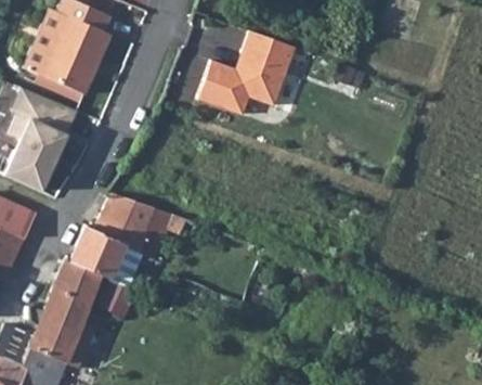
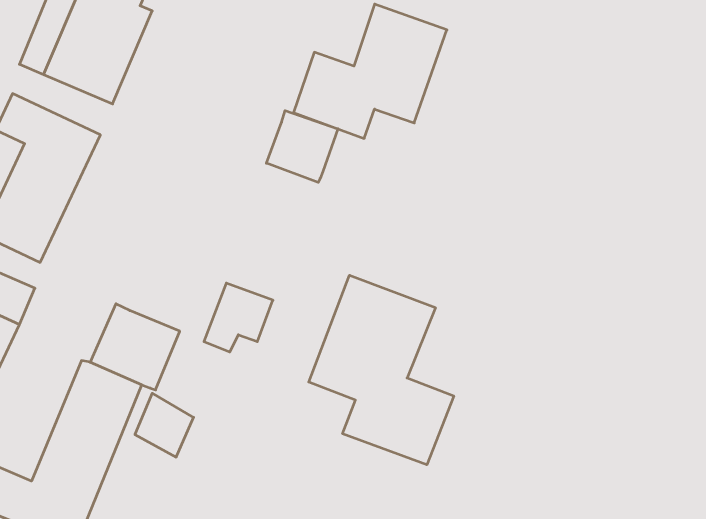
building: none -> [266,111,338,182]
building: [95,192,156,245] -> none
building: none -> [309,275,454,465]

